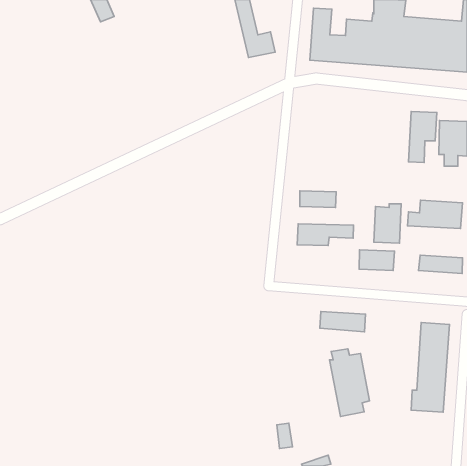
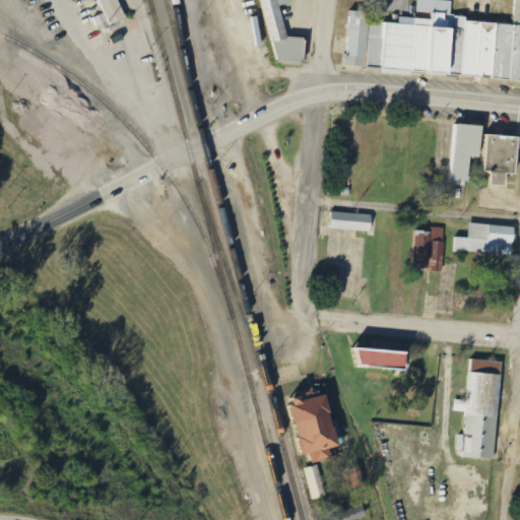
building: [297,224,353,245] -> none
building: [359,250,394,271] -> none
building: [419,255,463,273] -> none
building: [329,349,370,416] -> [292,387,337,462]

